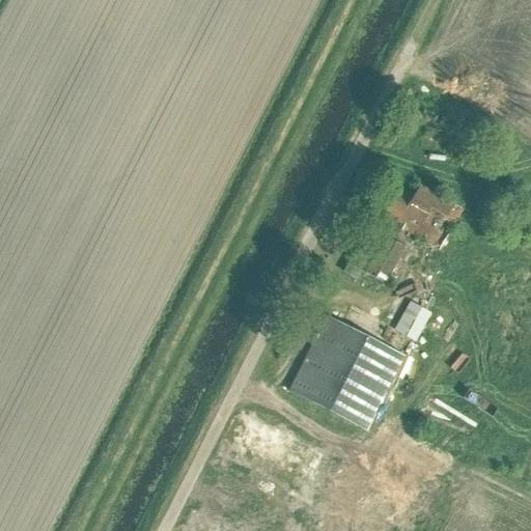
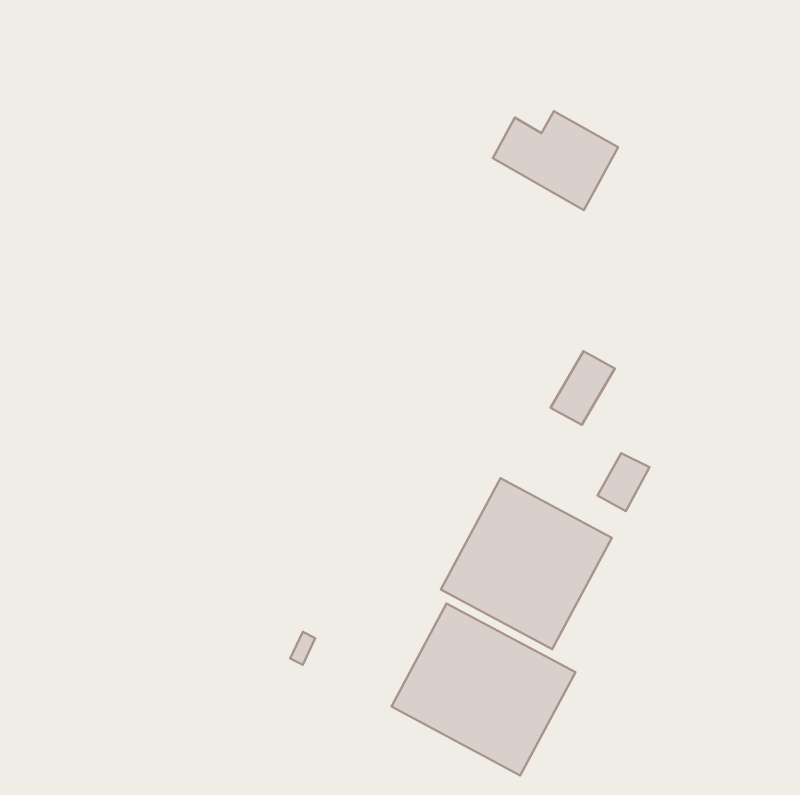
building: [381,183,464,248] -> [493,111,618,210]
building: none -> [391,603,575,775]

